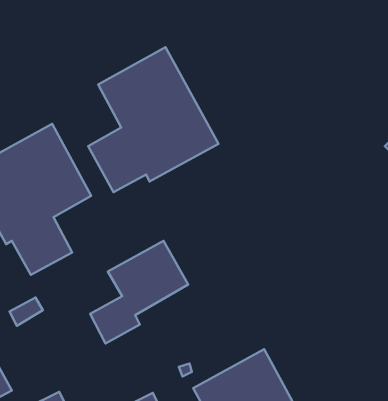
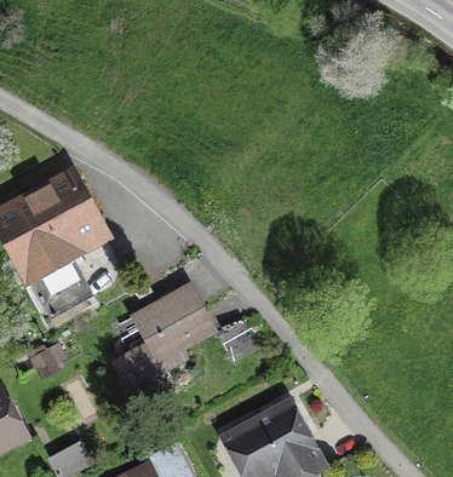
building: [88,47,219,192] -> none

